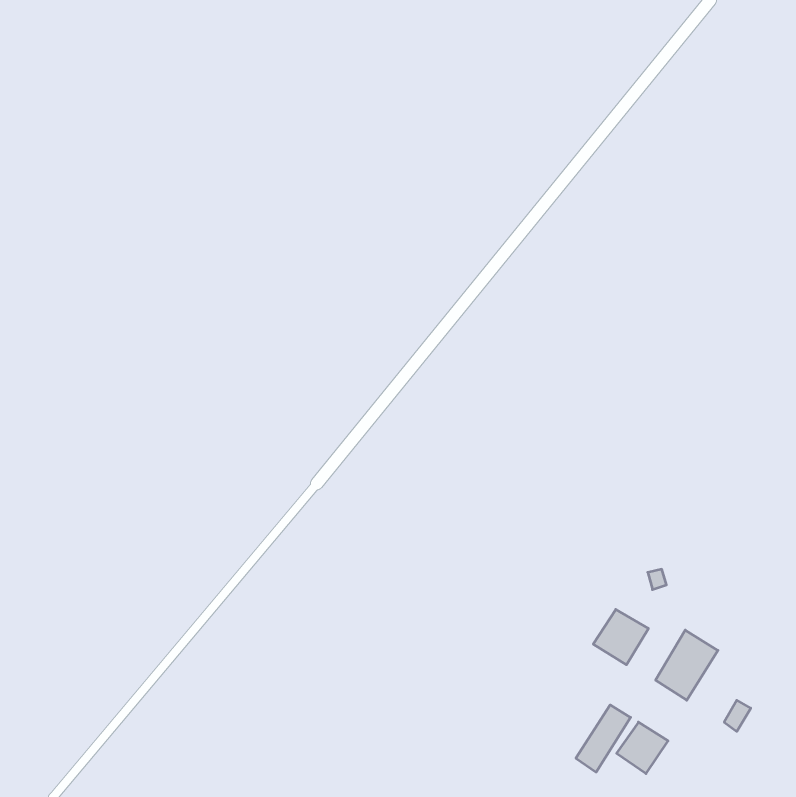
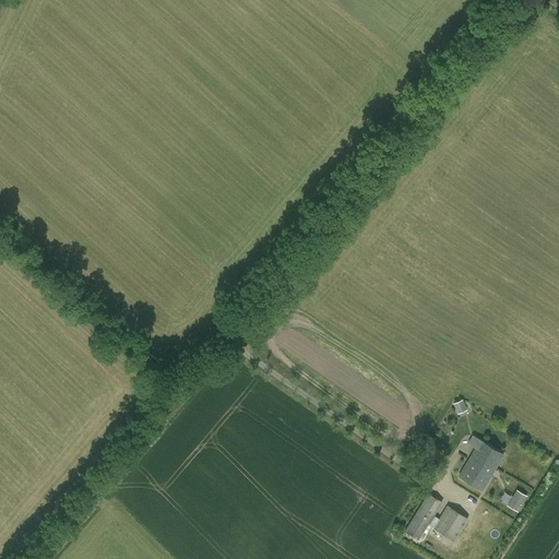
building: [593,609,648,665] -> none

